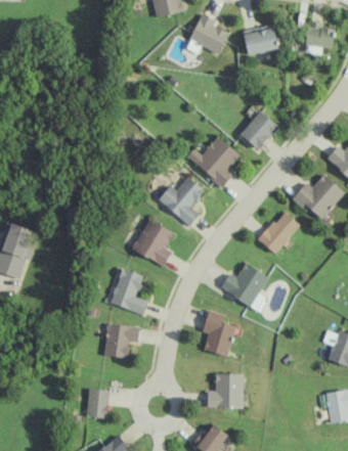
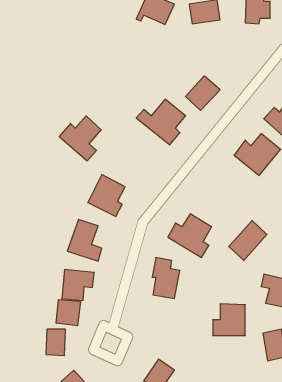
building: [158,177,204,226] -> [59,116,101,161]
building: [258,211,300,255] -> [229,220,267,261]
building: none -> [56,300,80,326]
building: [207,373,243,408] -> [213,304,245,336]

